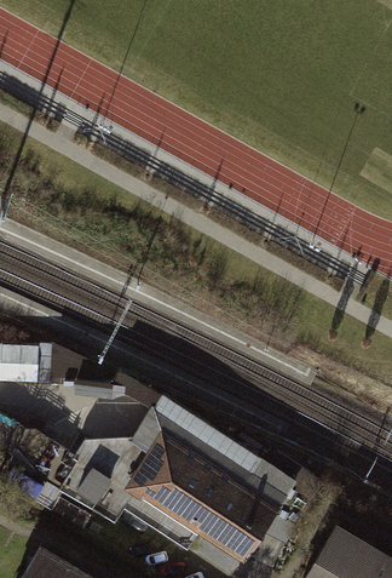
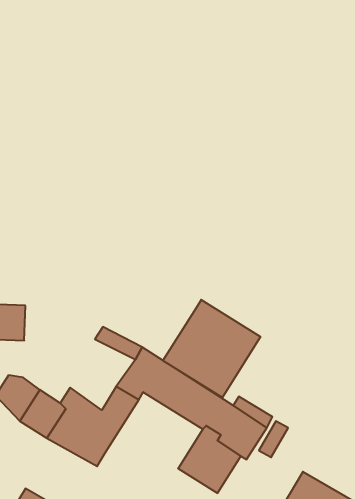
building: [122,445,227,550] -> [163,300,261,398]

